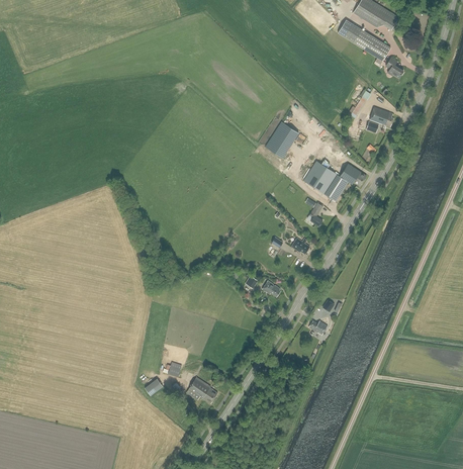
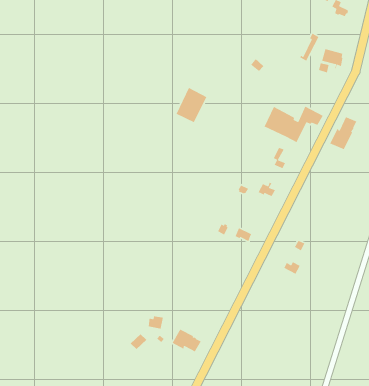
building: [265,120,299,158] -> [176,87,207,123]
building: none -> [329,116,357,150]

